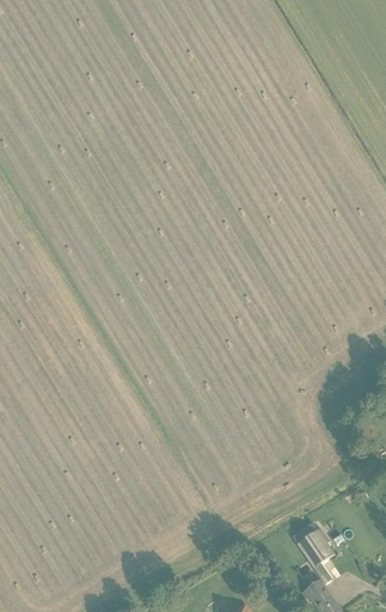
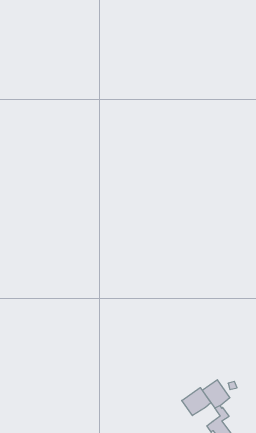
building: none -> [182,388,211,416]

